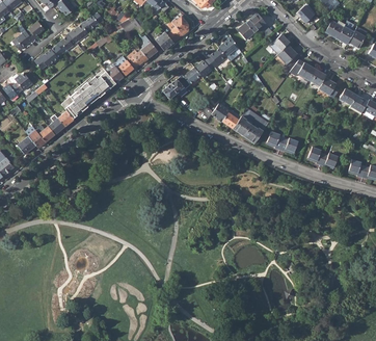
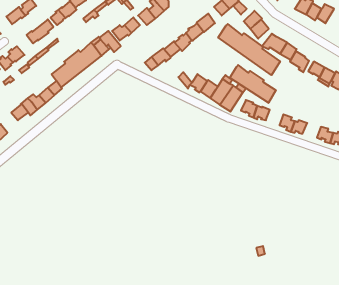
building: none -> [218,24,280,75]
building: none -> [230,65,276,103]

